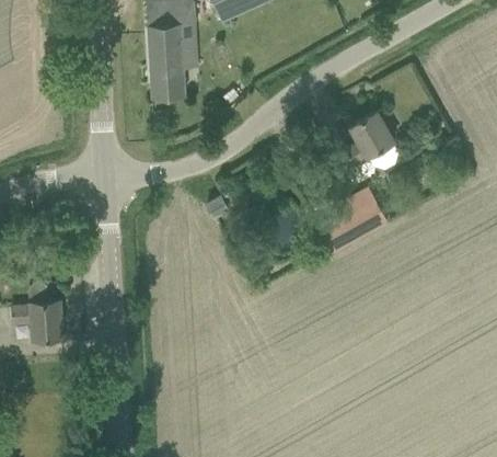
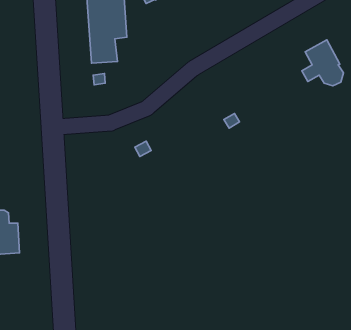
building: [345,110,397,168] -> [302,40,343,86]
building: [342,201,385,239] -> none

